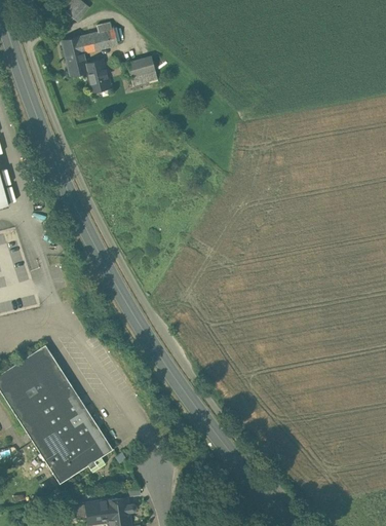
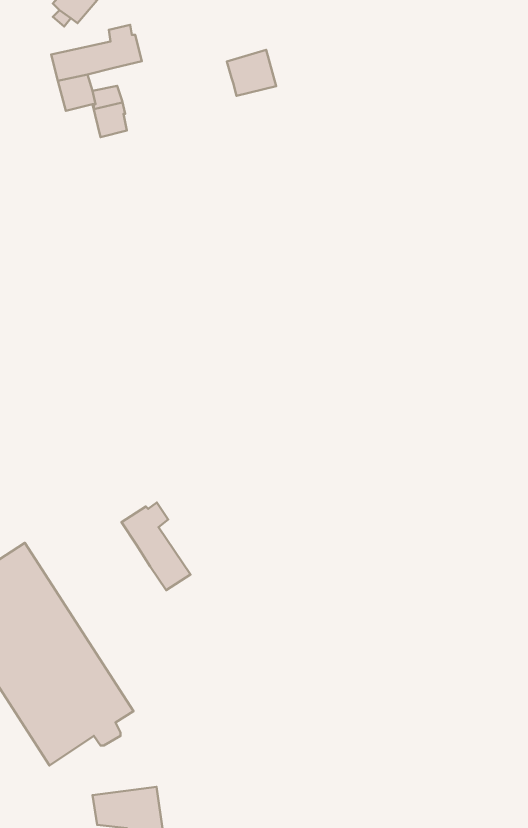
building: [126,57,157,85] -> [227,50,276,96]
building: none -> [122,502,191,590]

